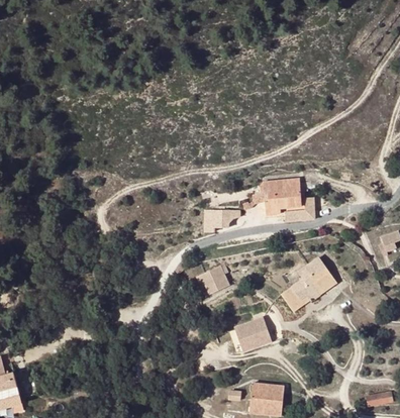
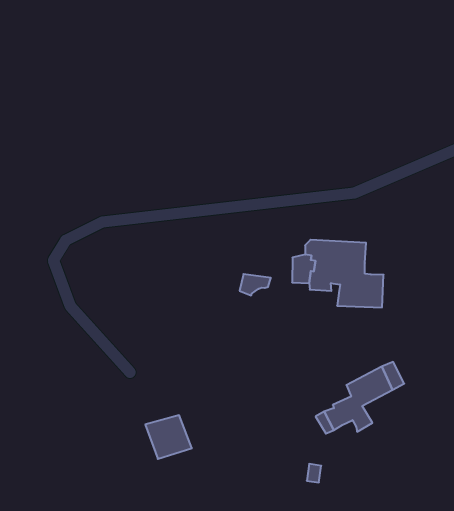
building: [198,267,230,297] -> [145,415,192,459]
building: [234,318,272,351] -> none

